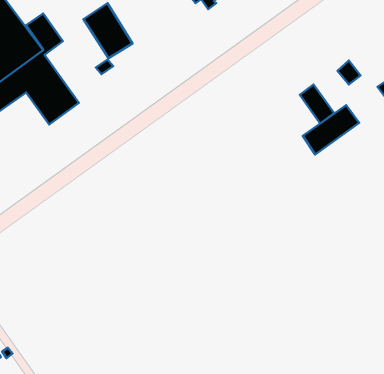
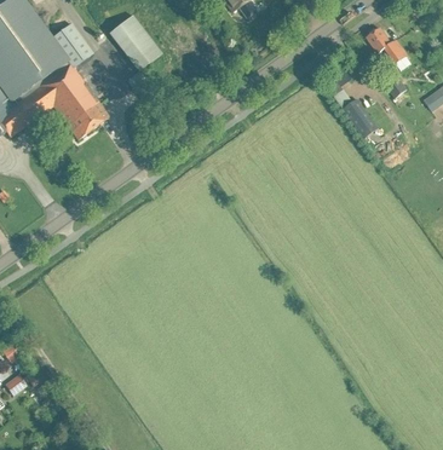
building: none -> [364,28,407,67]
building: [303,105,359,155] -> none

